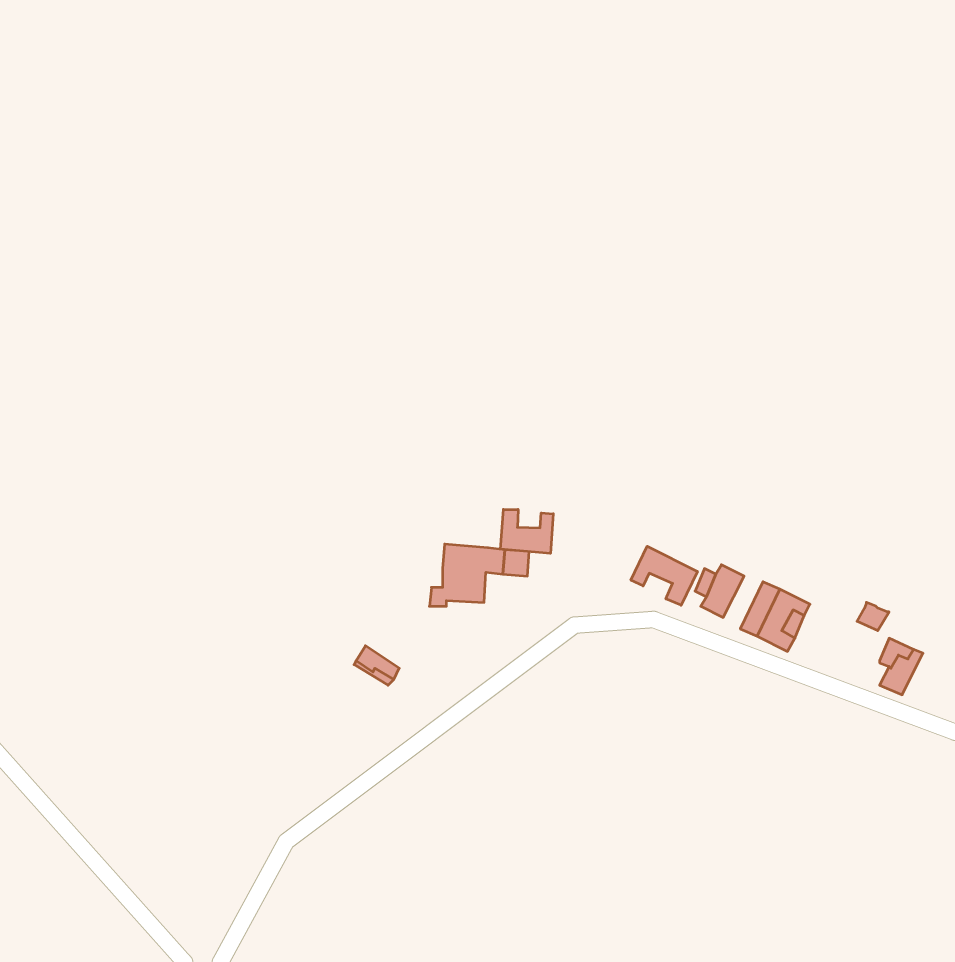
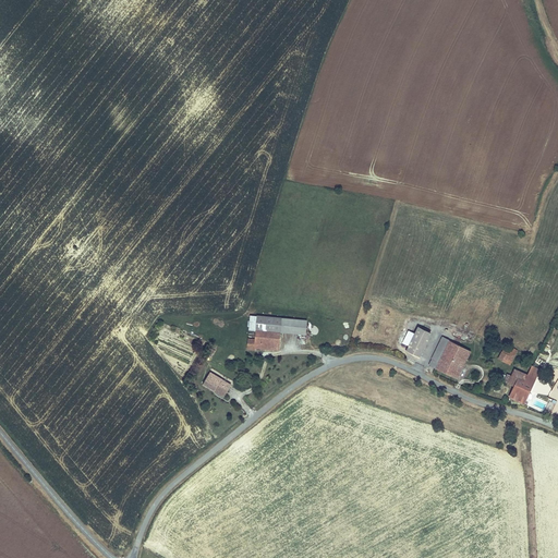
building: [501,509,553,553] -> none
building: [631,546,697,605] -> none

